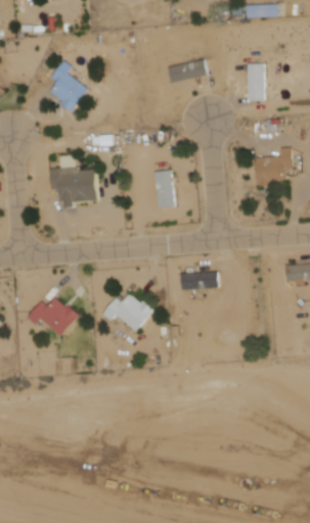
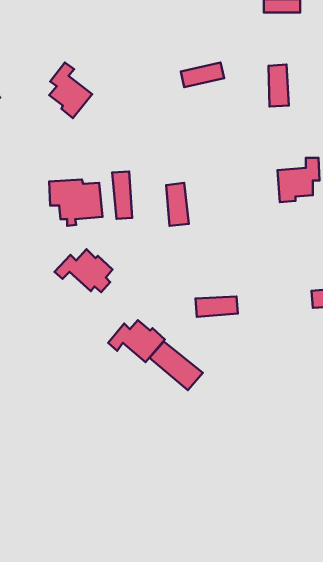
building: none -> [112,172,132,219]
building: [27,297,79,336] -> [55,249,113,292]
building: none -> [150,341,203,390]

